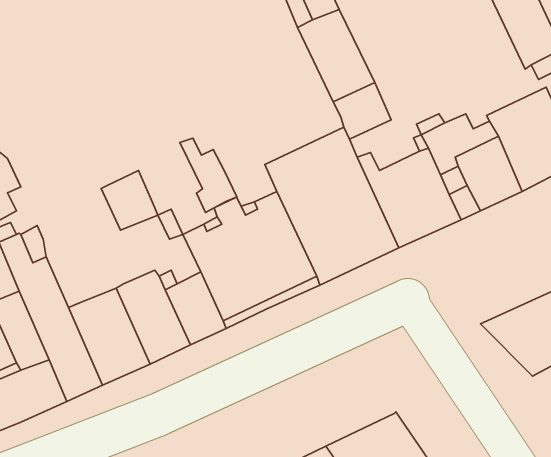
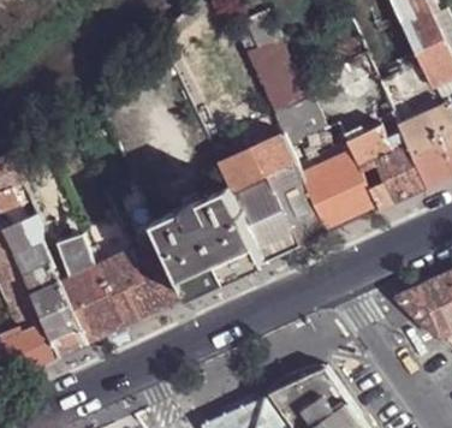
building: [180,138,237,213] -> none
building: [101,170,158,230] -> [54,230,100,278]

